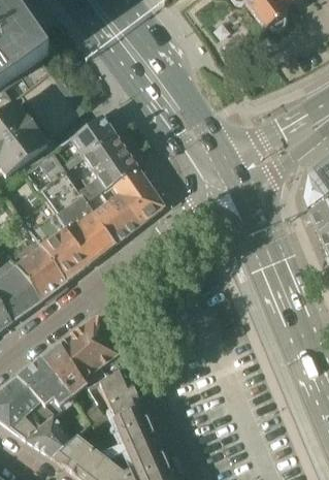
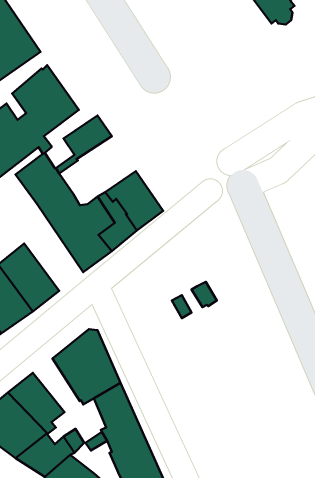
building: [79,134,138,199] -> none
building: [20,198,89,280] -> none
building: [41,344,86,394] -> none

